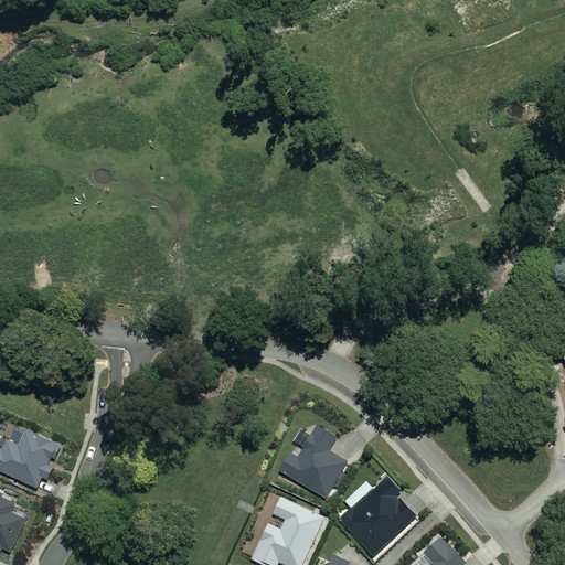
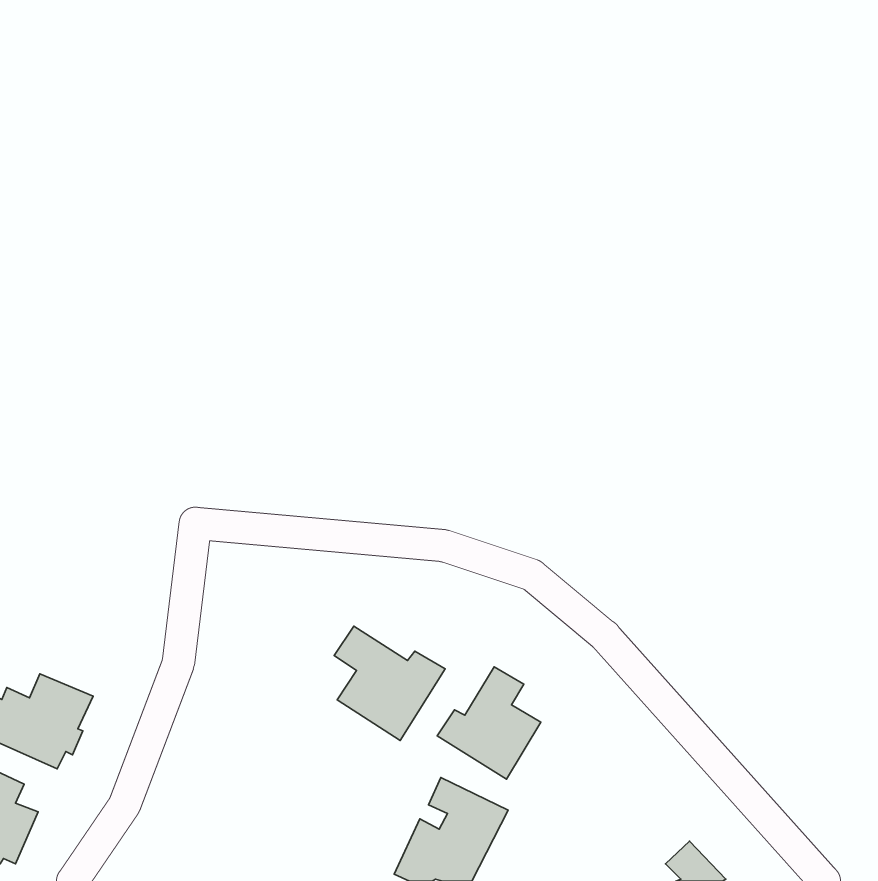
building: none -> [334,626,445,740]
building: [339,478,415,556] -> none

